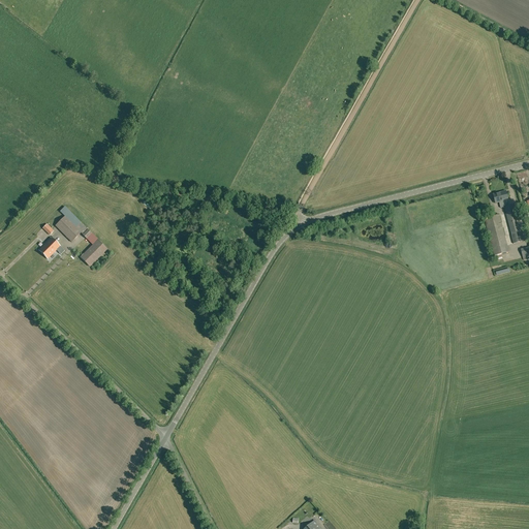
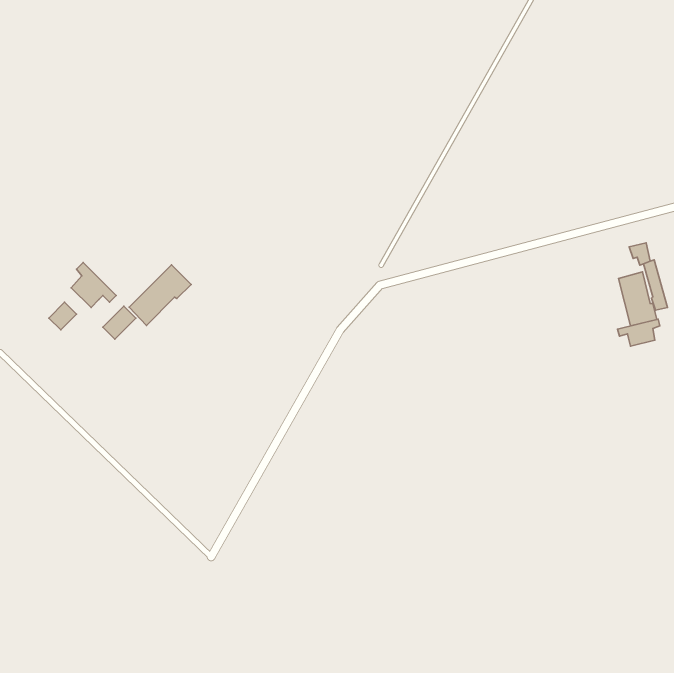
building: none -> [129,265,191,325]
building: none -> [618,319,660,346]

